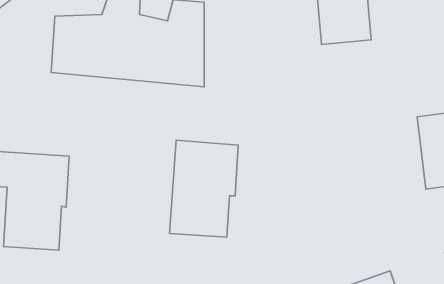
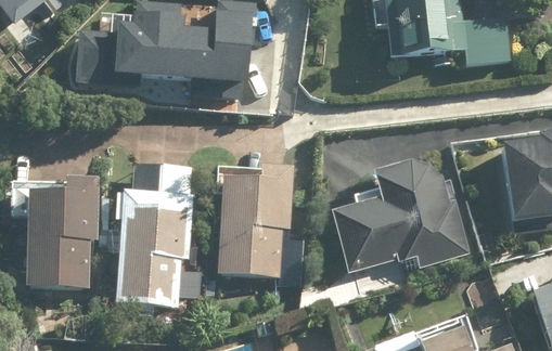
building: none -> [465,12,511,64]
building: none -> [332,158,463,274]
building: none -> [117,164,192,310]

